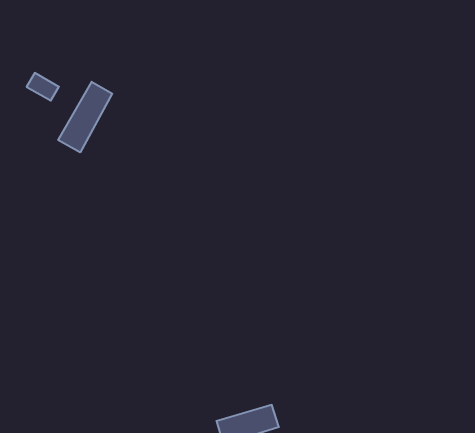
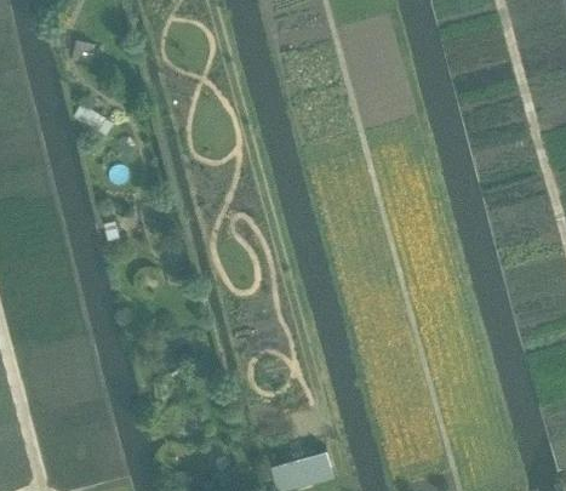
building: [58,82,112,152] -> none

